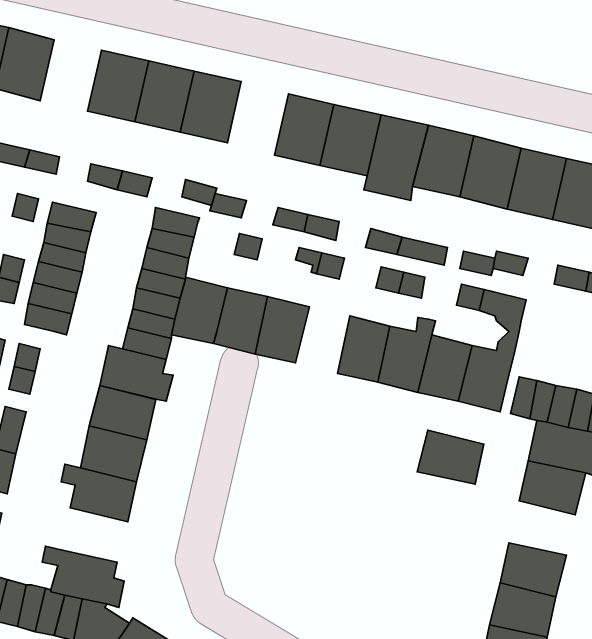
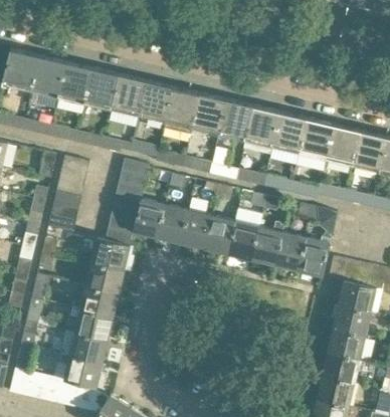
building: none -> [57,62,92,103]
building: none -> [163,86,200,139]
building: none -> [204,216,235,254]
building: [417,430,484,484] -> [327,328,365,359]
building: none -> [59,330,108,363]

